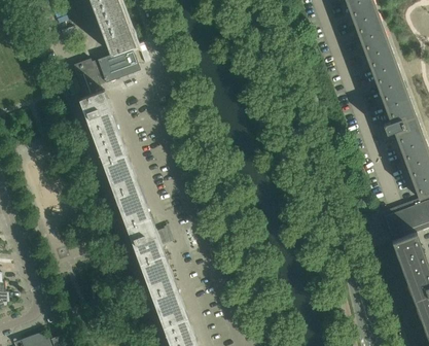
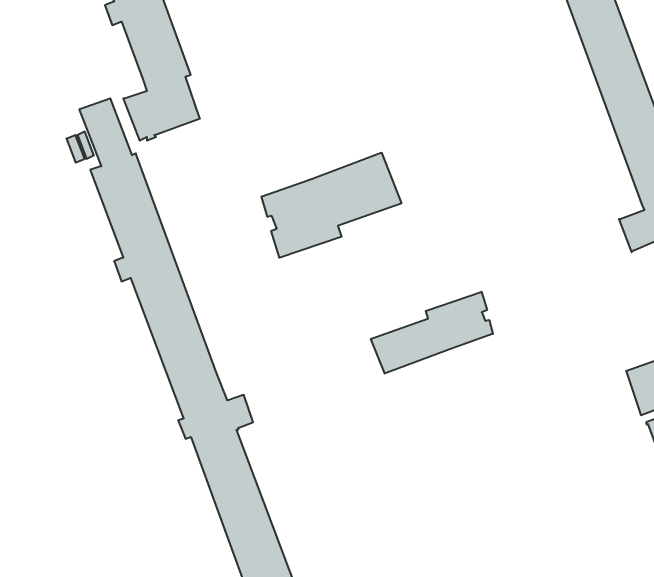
building: none -> [262,153,401,258]
building: none -> [371,292,493,374]

